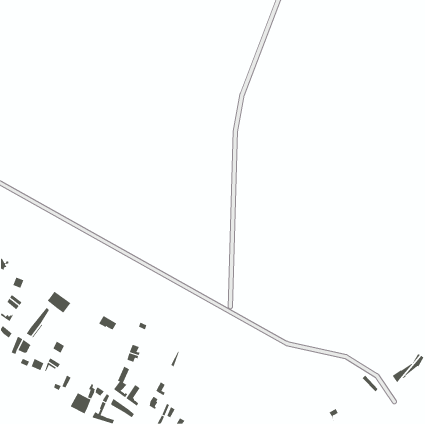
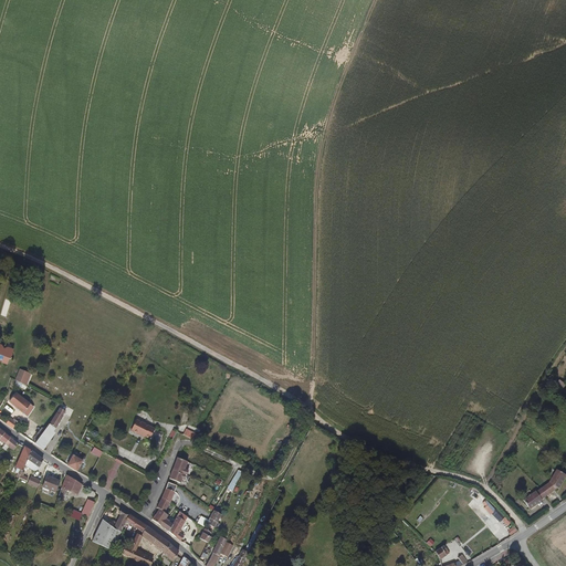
building: [47,291,71,314] -> none

